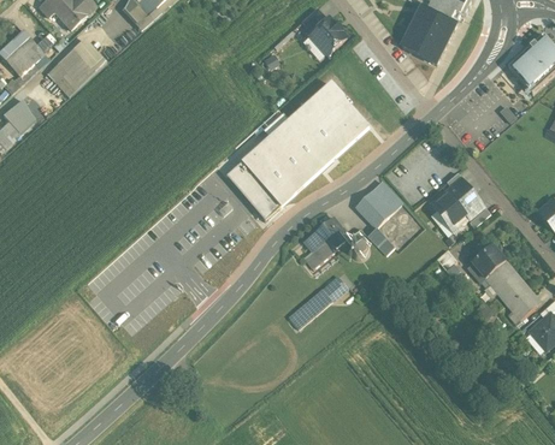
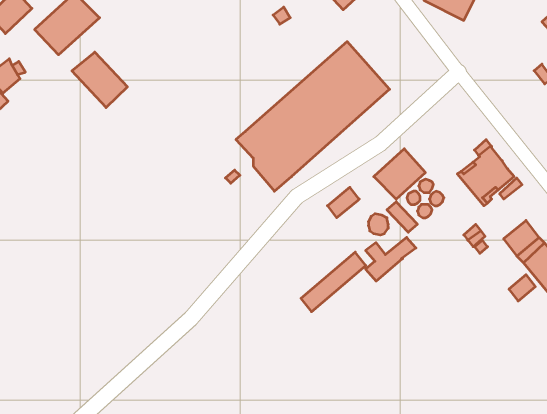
building: none -> [72,52,127,108]
building: [302,227,348,267] -> [366,237,416,281]

